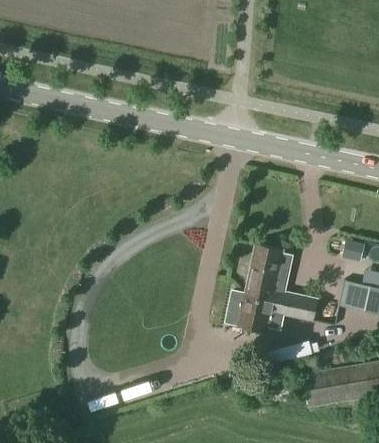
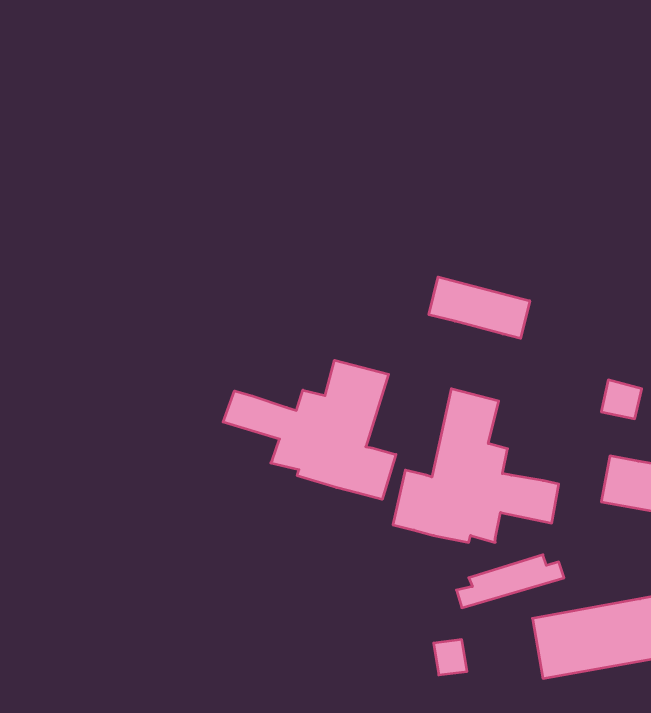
building: none -> [429,277,530,338]
building: none -> [223,360,396,499]

